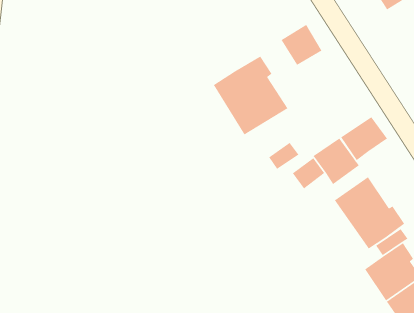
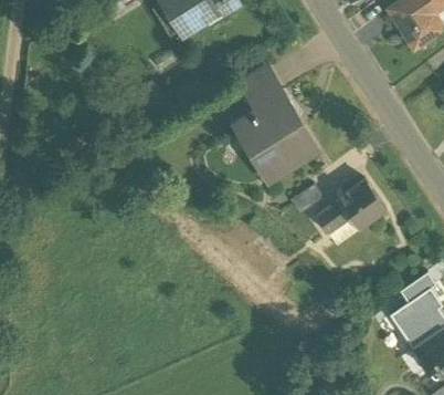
building: [280,24,323,66] -> [241,67,284,111]
building: [340,116,388,161] -> none
building: [334,176,405,250] -> none

